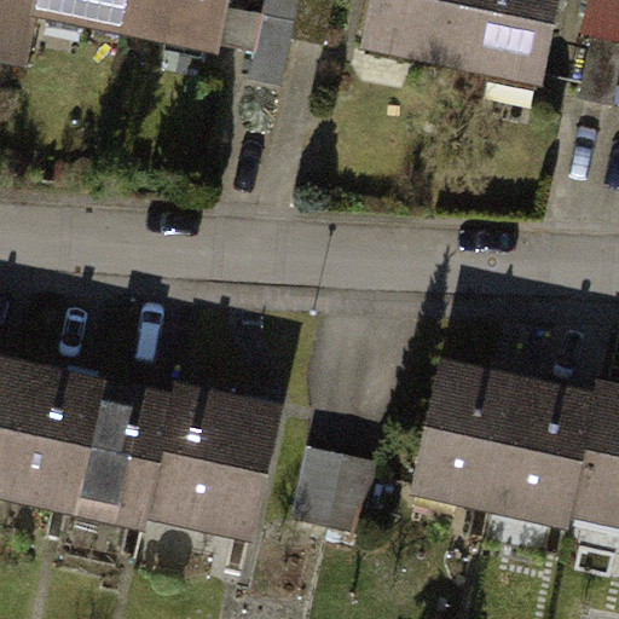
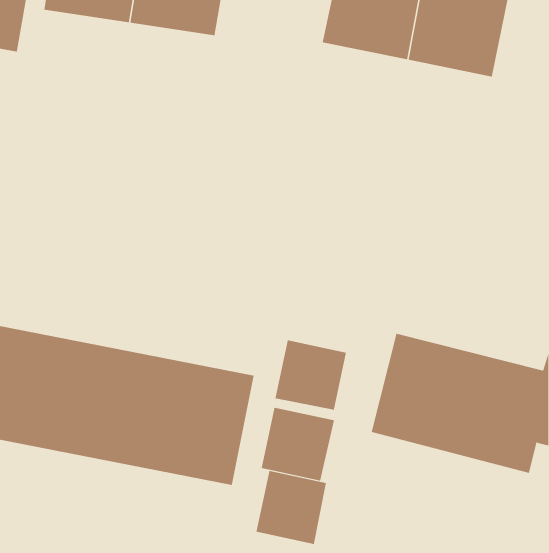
building: none -> [275,339,346,410]
building: none -> [256,470,327,545]

